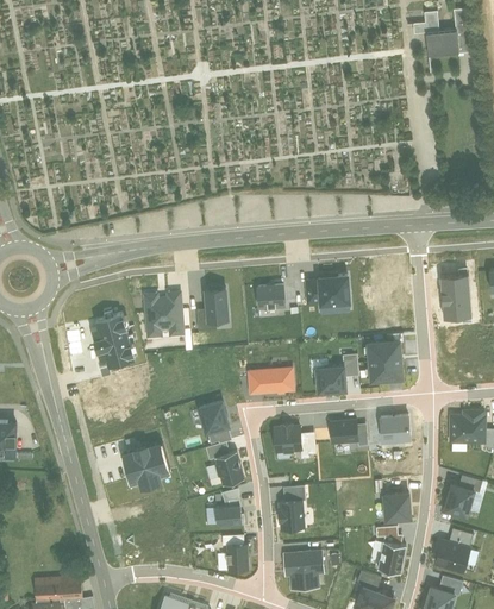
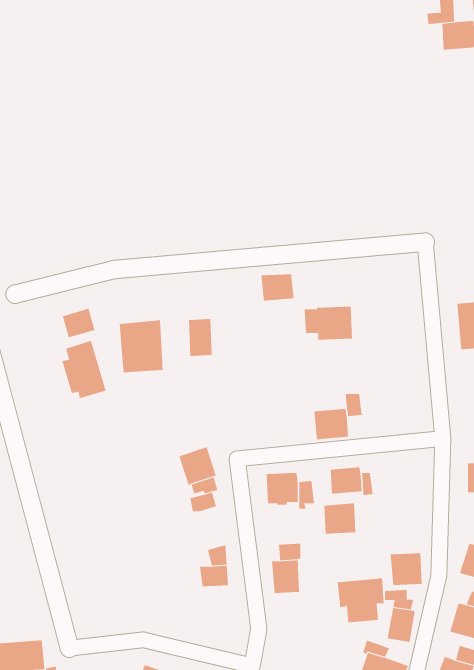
building: none -> [62,308,95,338]
building: [254,285,283,309] -> [260,274,295,301]
building: [368,338,402,377] -> none
building: [245,368,293,394] -> none
building: [380,414,408,441] -> [324,503,356,534]
building: [119,446,167,492] -> none
building: [214,453,243,485] -> none
building: [226,544,248,570] -> none
building: [281,551,323,590] -> [337,578,384,623]

